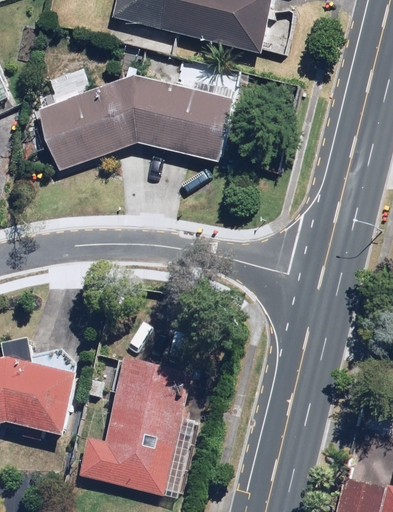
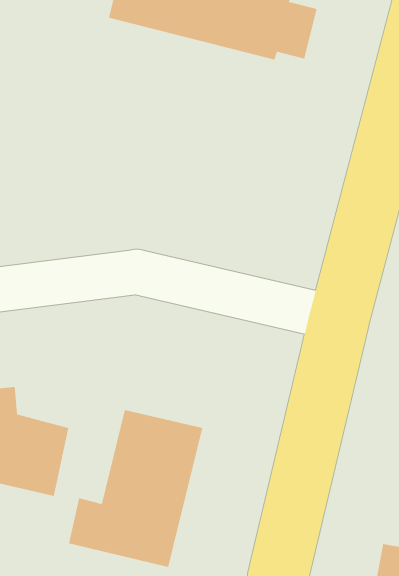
building: [35,74,237,170] -> none

